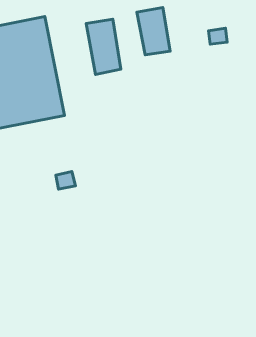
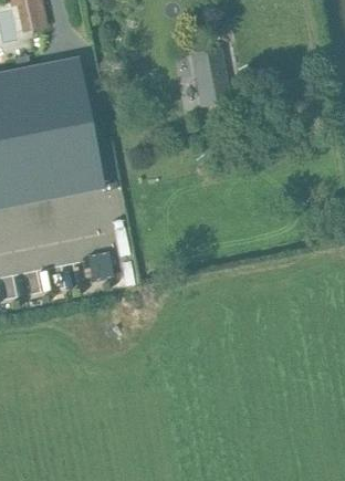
building: [86,19,121,75] -> none

